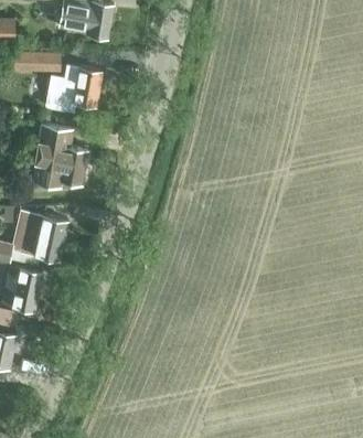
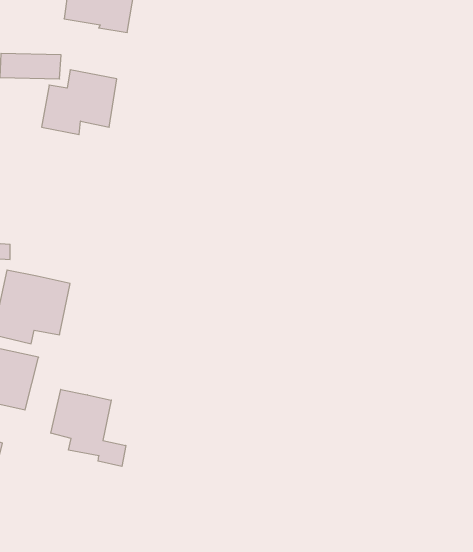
building: [31,125,87,186] -> none
building: none -> [51,389,126,466]

